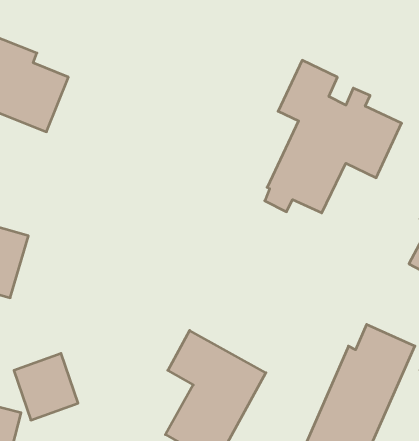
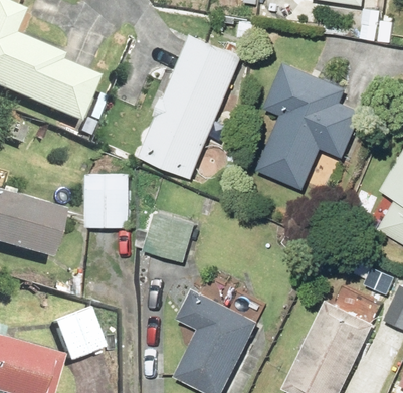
building: none -> [137,35,240,178]
building: none -> [85,170,130,264]
building: none -> [146,211,192,258]

